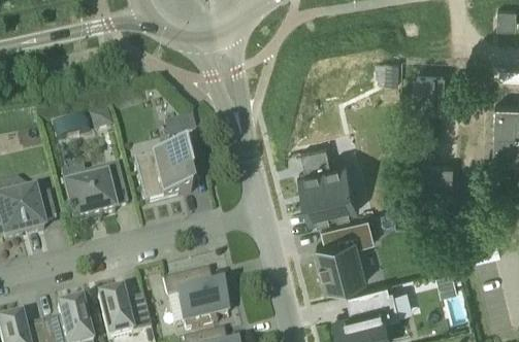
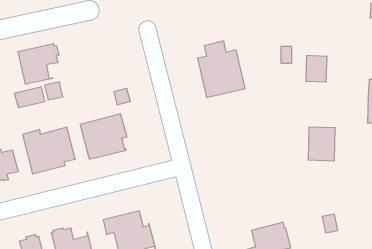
building: none -> [18,43,59,84]
building: [299,147,359,218] -> [197,41,245,98]
building: [316,213,374,284] -> none

